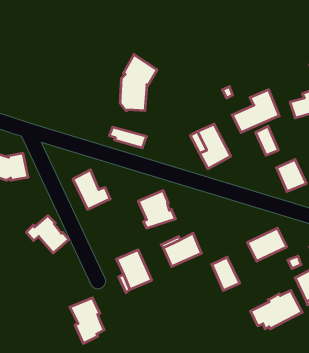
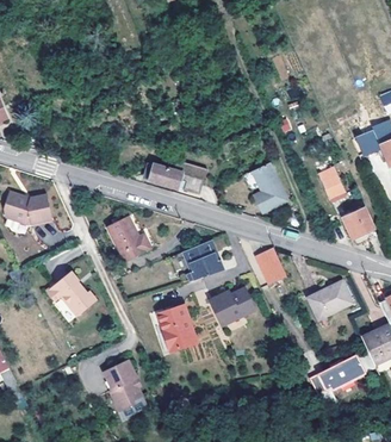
building: [120,54,157,111] -> none
building: [232,90,279,133] -> none
building: [212,257,240,290] -> [255,247,287,285]

